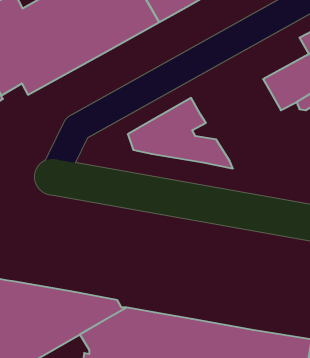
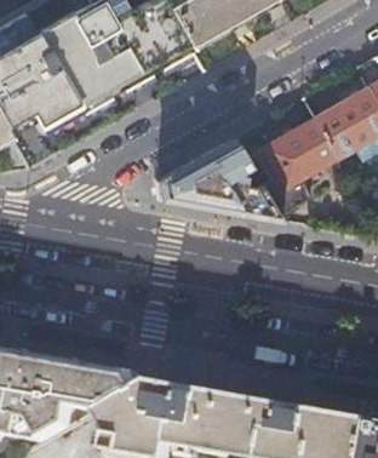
building: none -> [240,115,333,211]

